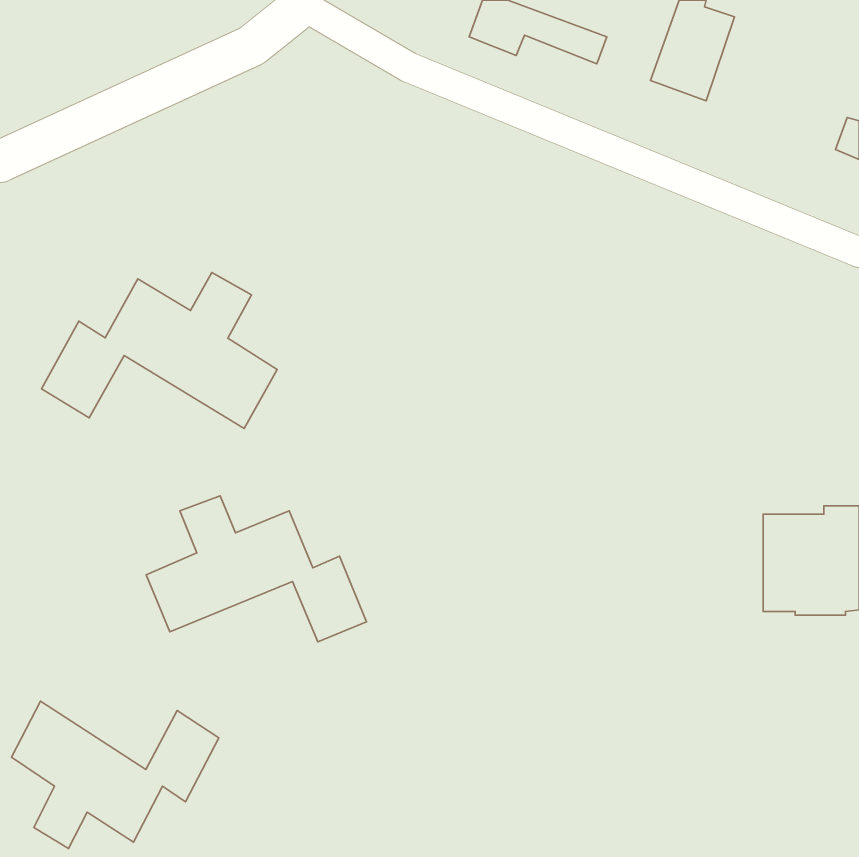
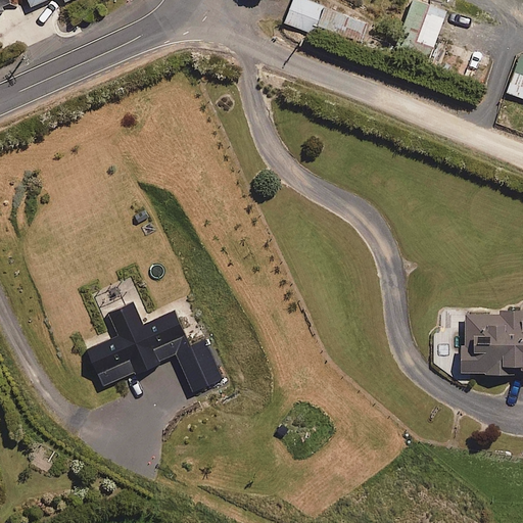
building: [41,272,277,428] -> none
building: [11,701,219,848] -> none

